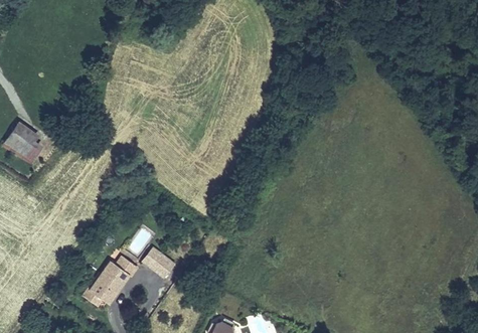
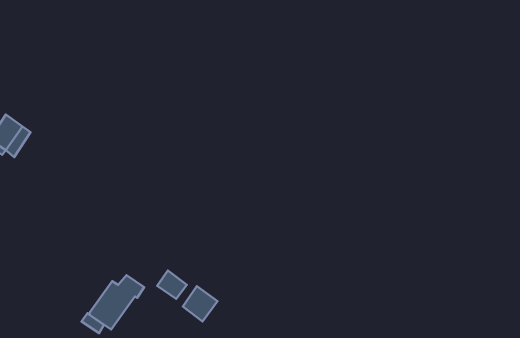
building: none -> [183,286,218,321]

